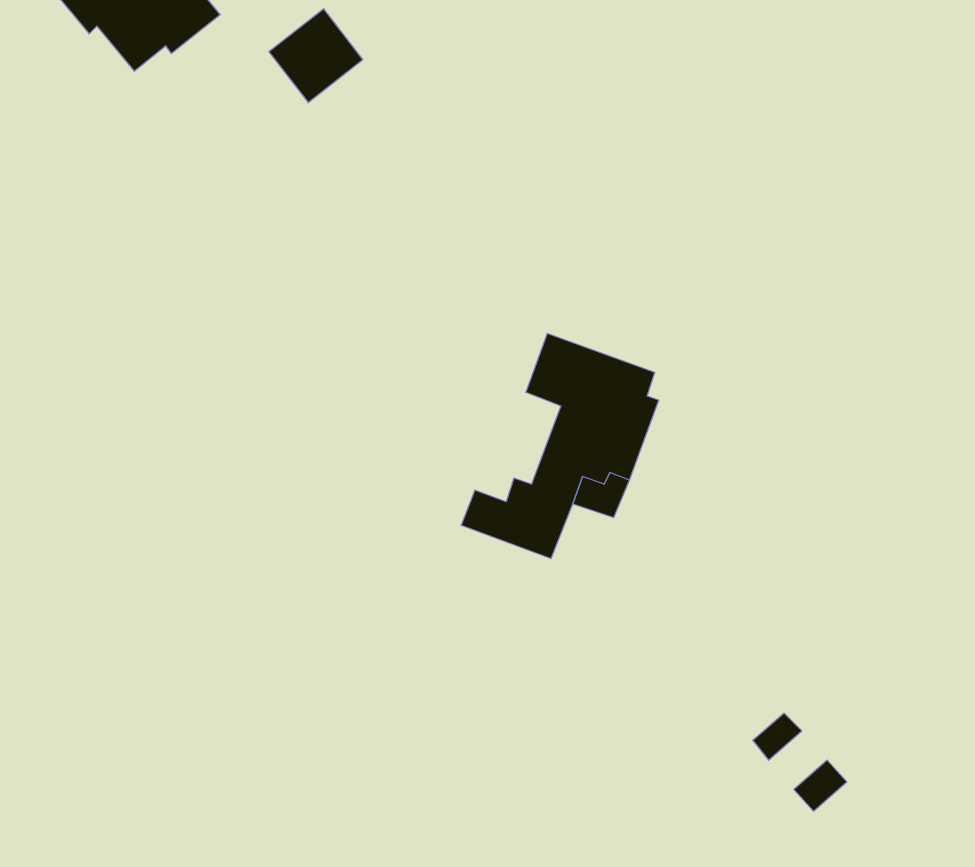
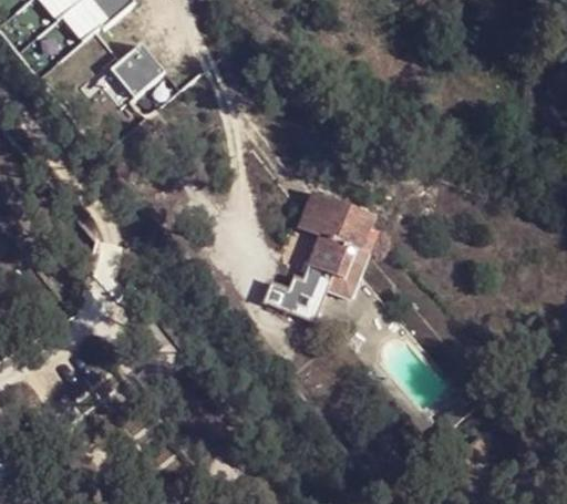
building: [269,9,363,103] -> [107,47,161,100]

